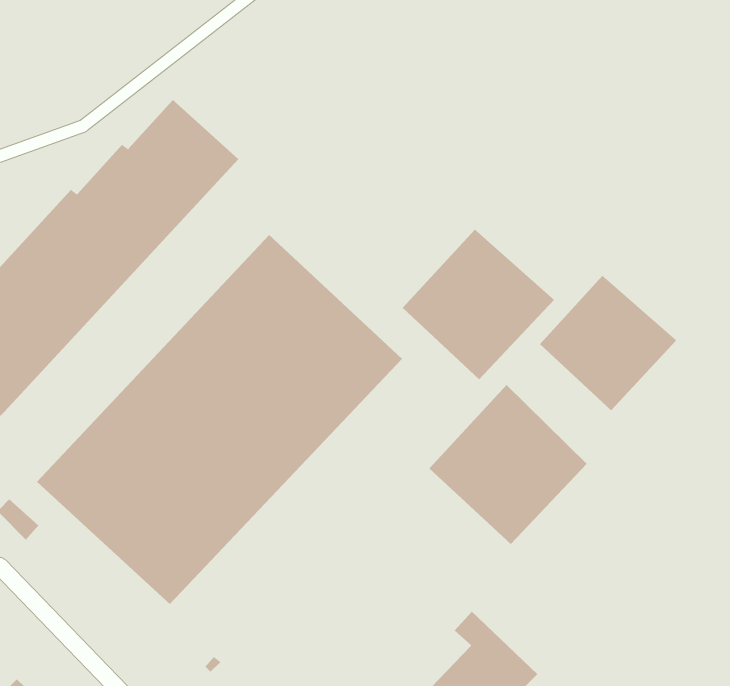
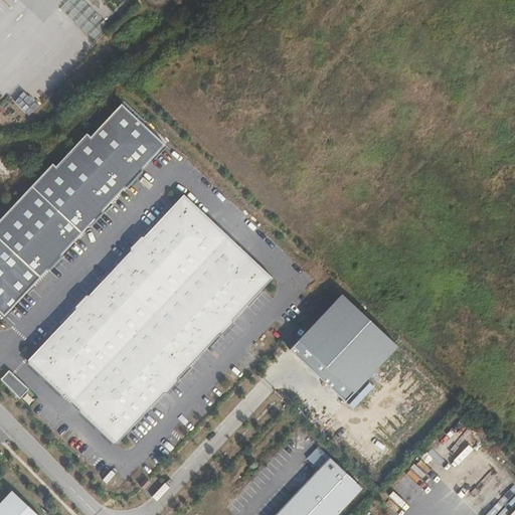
building: [402,229,555,380] -> none
building: [539,275,677,411] -> none

